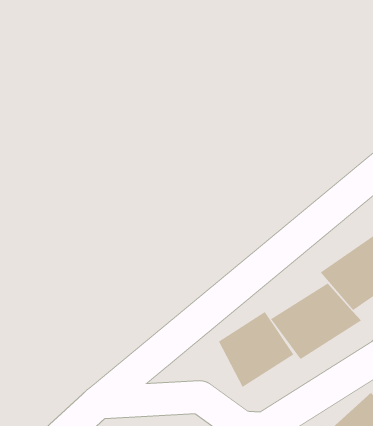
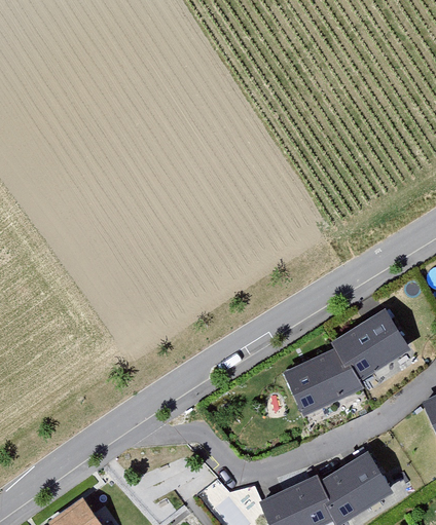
building: [218,311,294,388] -> none

